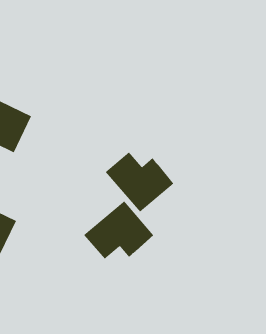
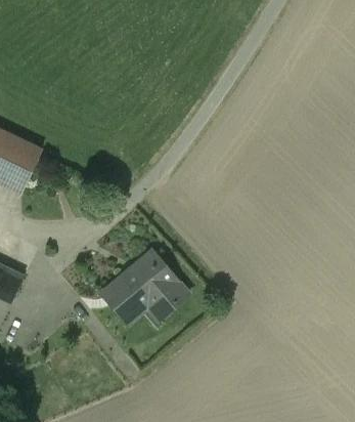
building: [105,151,174,213] -> none

